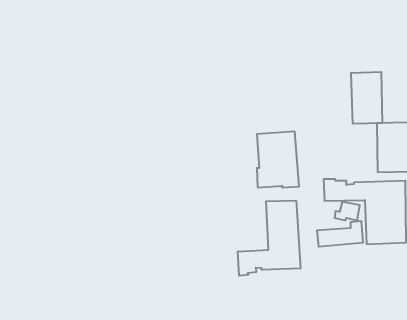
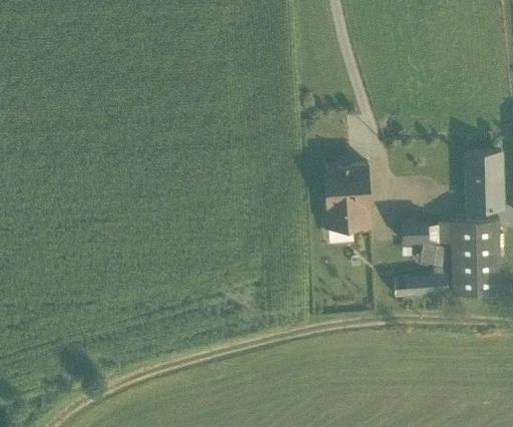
building: [351,72,382,124] -> none
building: [238,201,301,276] -> none

